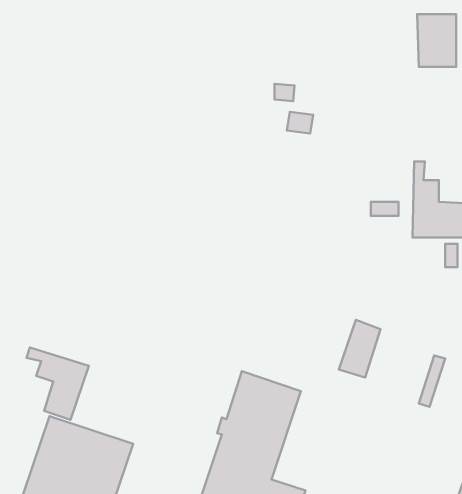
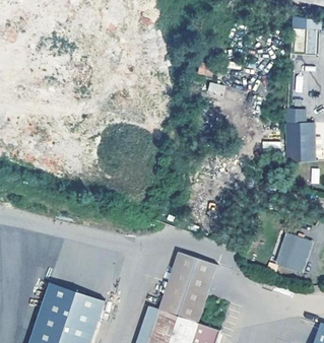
building: [339,320,381,377] -> [275,235,303,273]
building: [26,348,89,420] -> none

